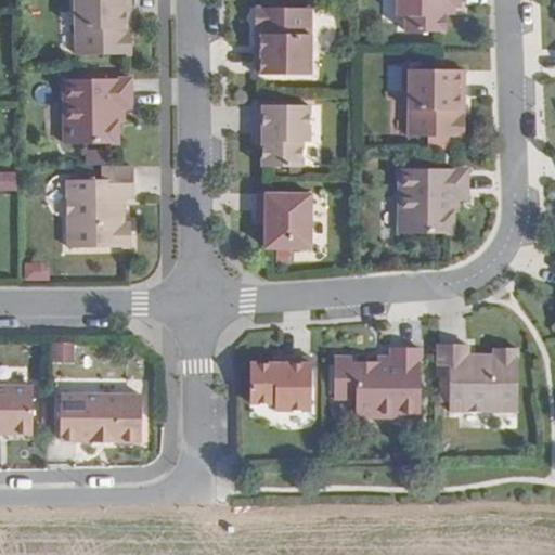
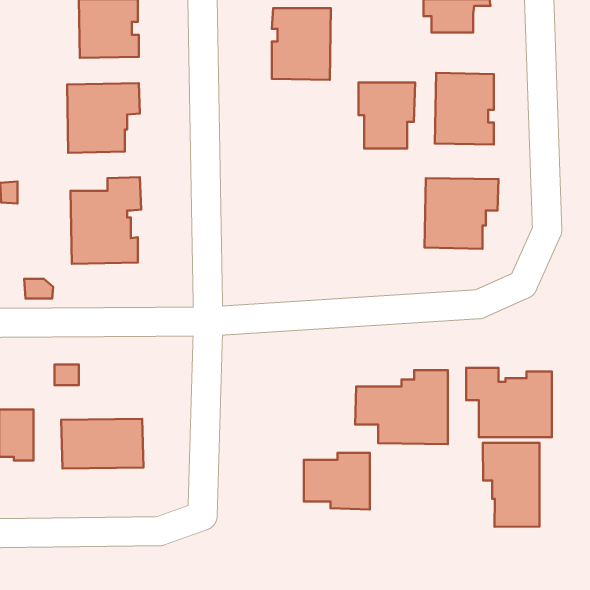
building: [256,104,309,166] -> [358,83,415,149]
building: [257,193,310,247] -> none
building: [249,357,311,410] -> [304,453,370,509]
building: none -> [483,443,540,527]

